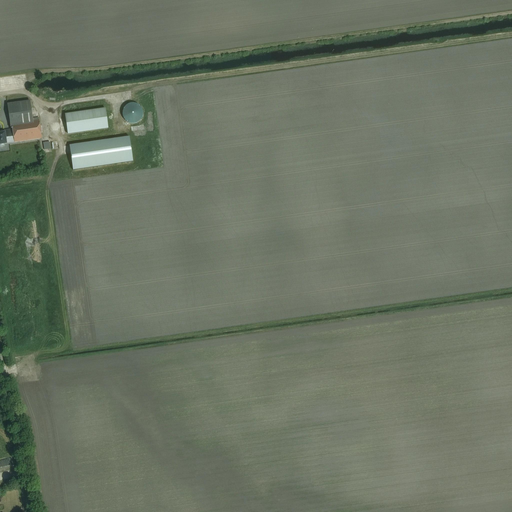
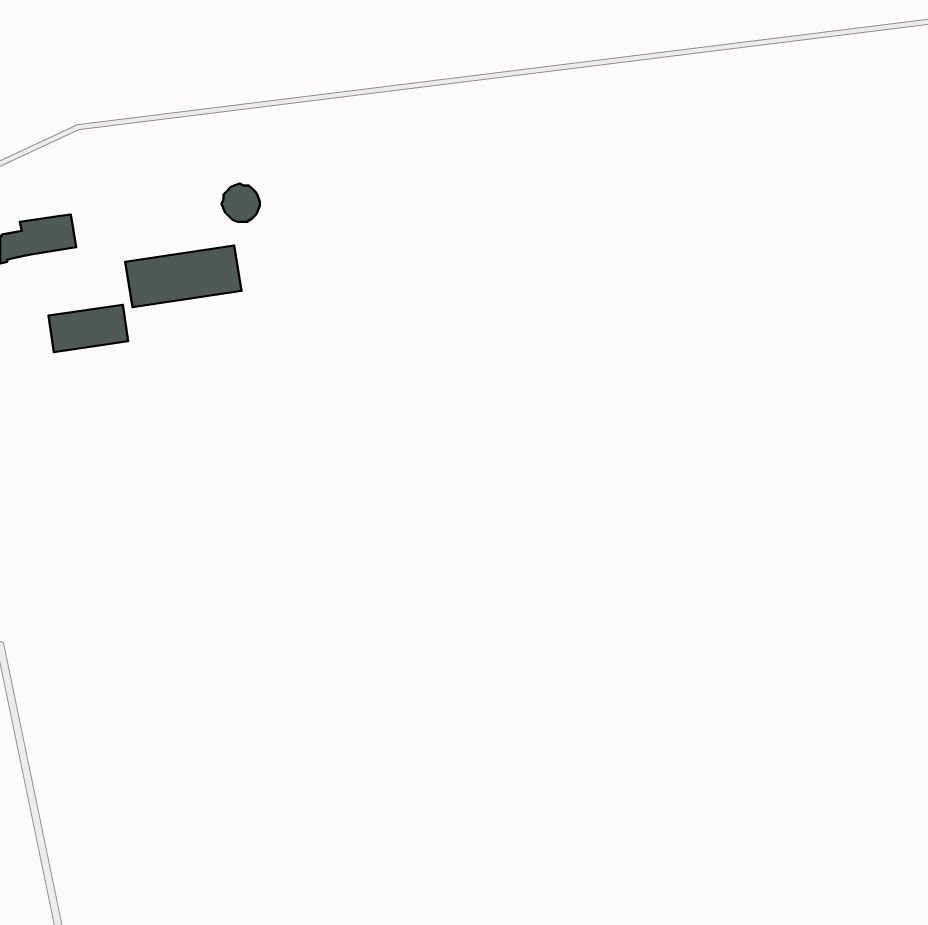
building: [7,97,32,122] -> none
building: [64,107,108,133] -> [48,305,128,352]

